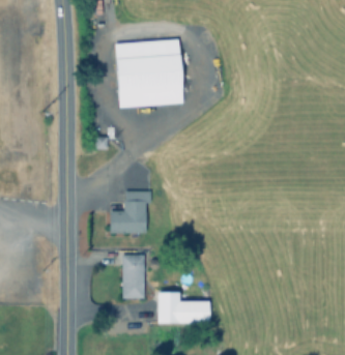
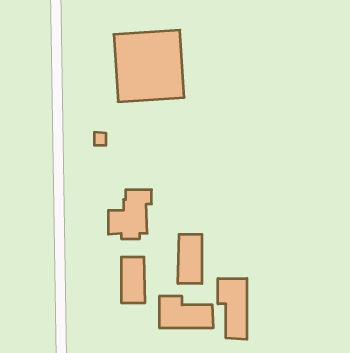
building: none -> [178,234,202,284]
building: none -> [218,278,247,339]

